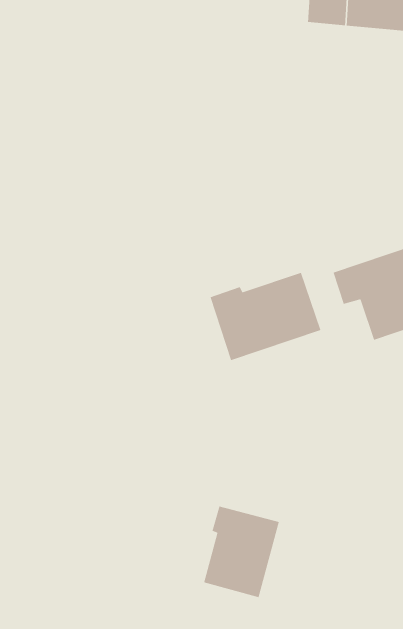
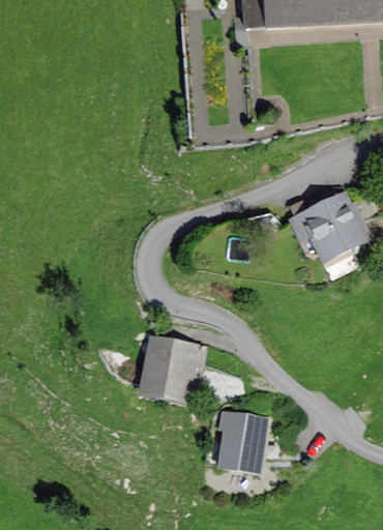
building: [210,272,321,361] -> none
building: none -> [138,332,206,407]

